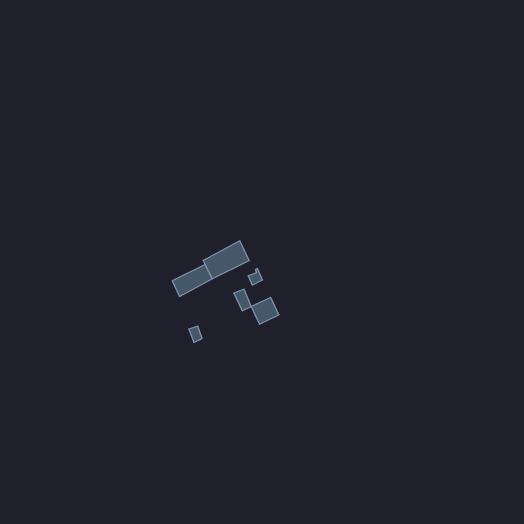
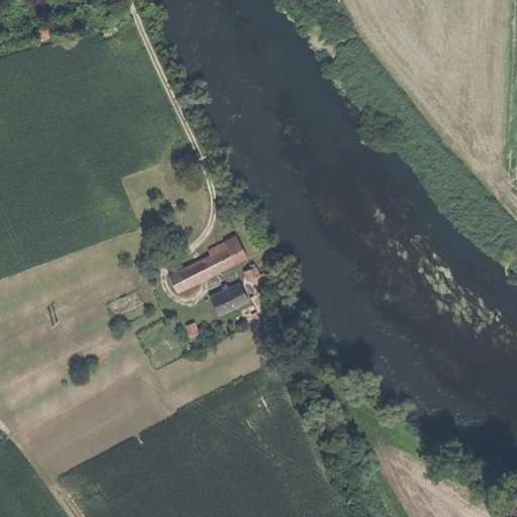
building: [251,297,279,324] -> [211,289,238,315]

